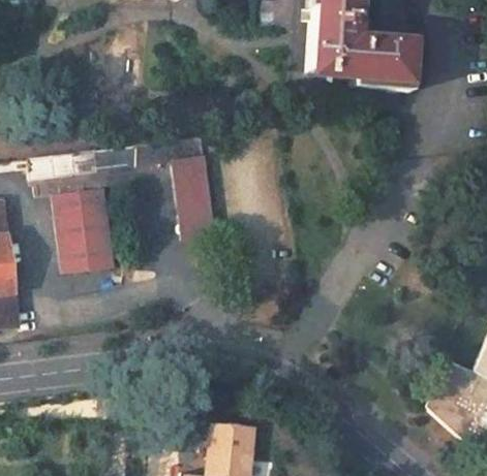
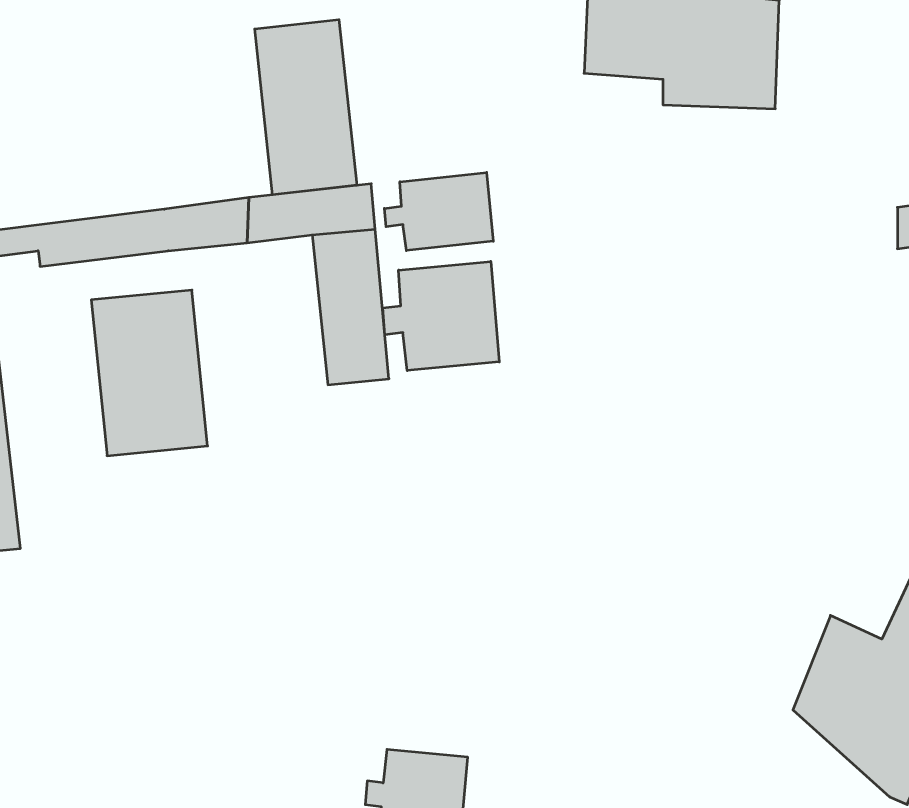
building: none -> [255,20,357,195]
building: none -> [384,172,493,251]
building: none -> [383,261,499,371]

